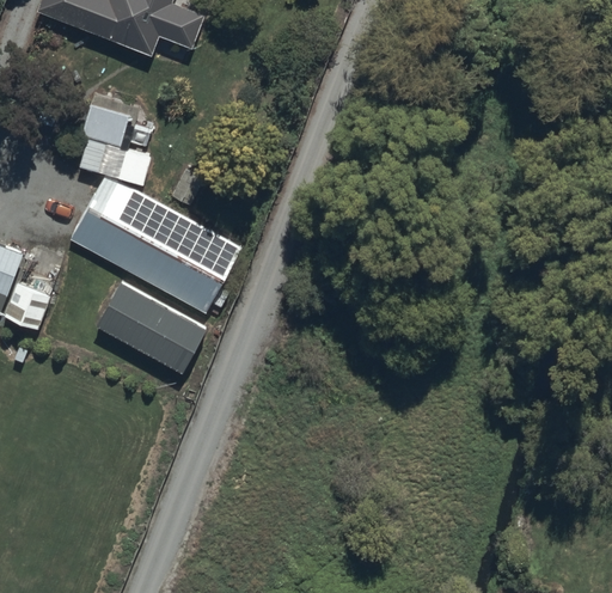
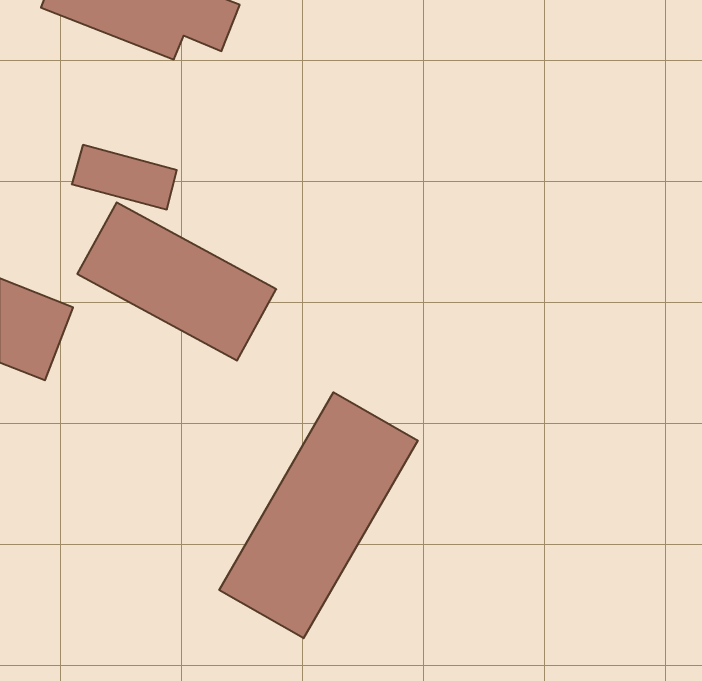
building: [98,282,207,373] -> none
building: none -> [219,392,418,638]

